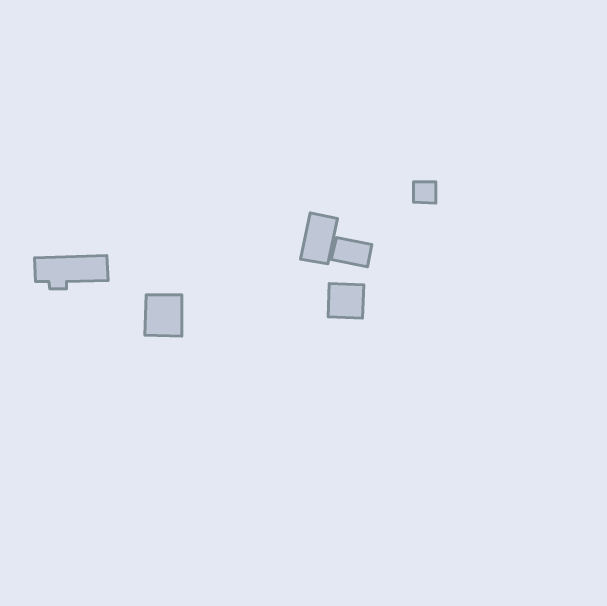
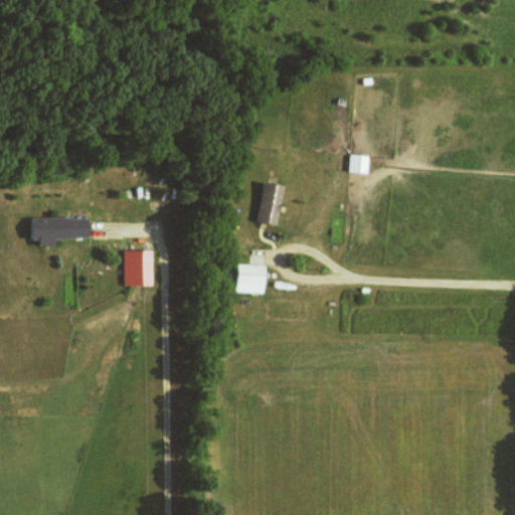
building: [331,237,372,267] -> none
building: [328,284,364,318] -> [236,265,267,294]

